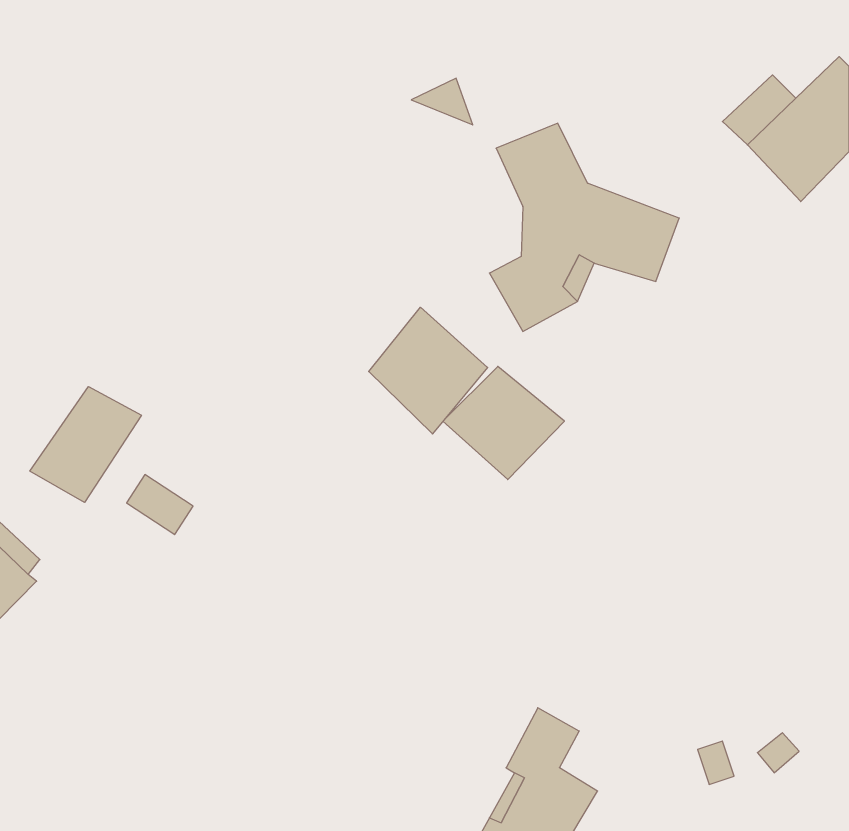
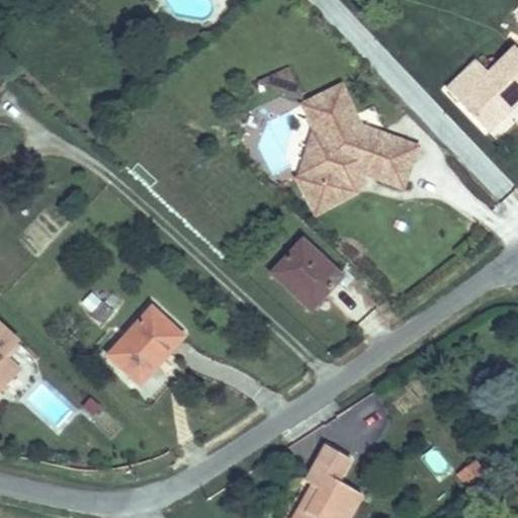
building: [369,307,488,434] -> none
building: [30,387,141,502] -> none
building: none -> [114,314,194,393]

